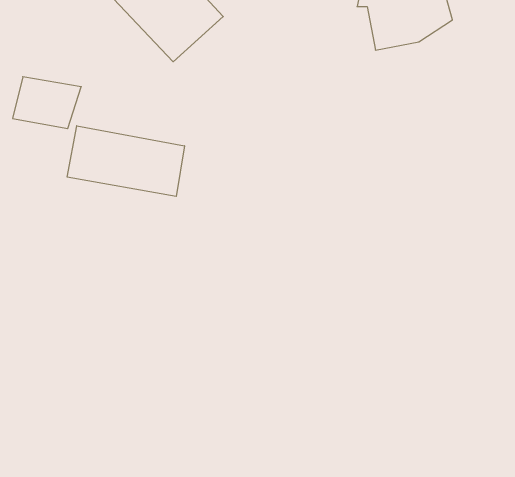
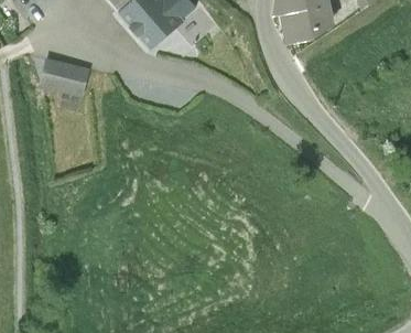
building: [67,126,184,196] -> none

